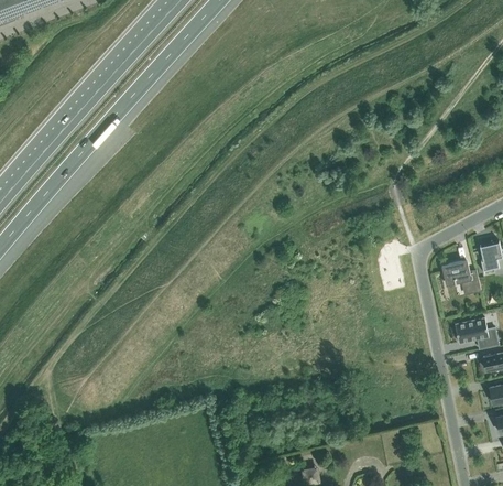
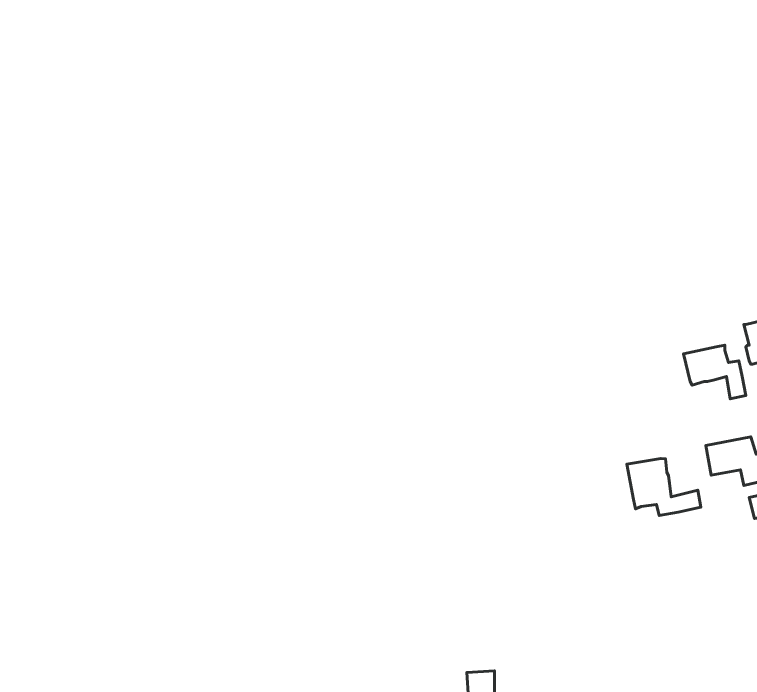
building: none -> [627,459,701,516]

